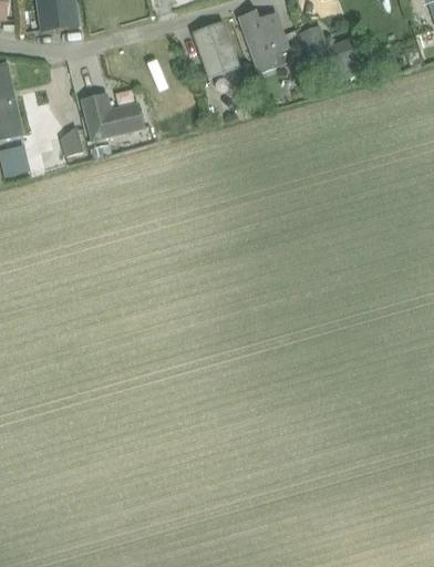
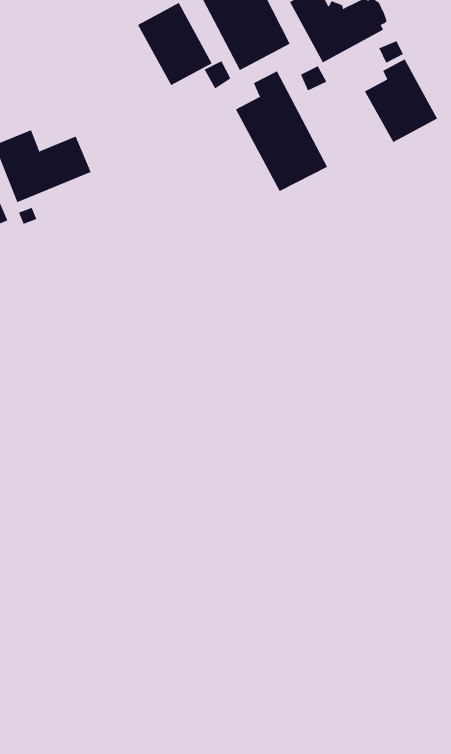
building: none -> [235,71,328,192]
building: none -> [364,58,438,143]

